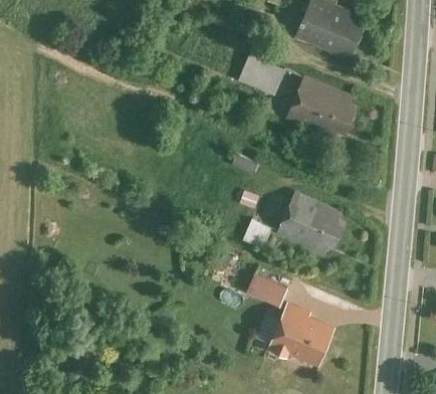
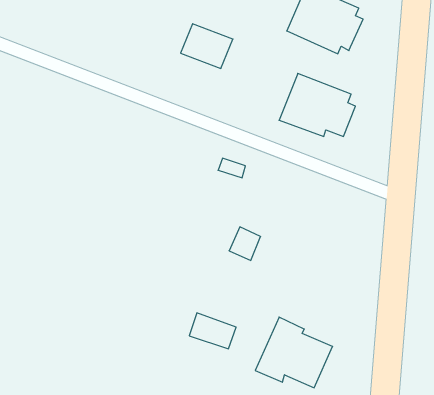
building: [237,53,285,94] -> [181,24,233,68]
building: [273,189,345,255] -> none
building: [244,273,287,307] -> [189,313,236,349]

